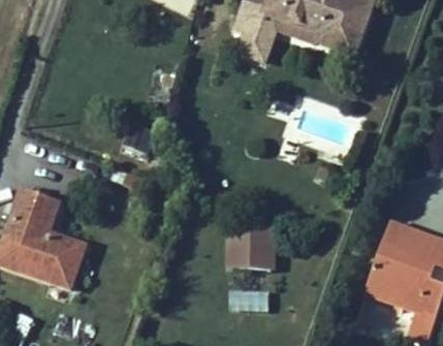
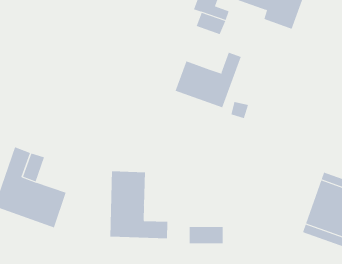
building: none -> [175,52,242,108]
building: none -> [110,171,168,239]
building: [228,226,271,268] -> none

